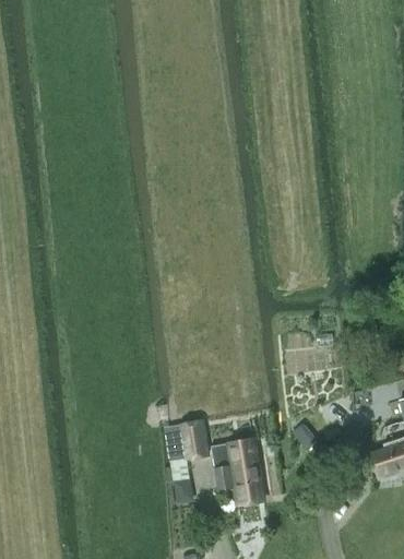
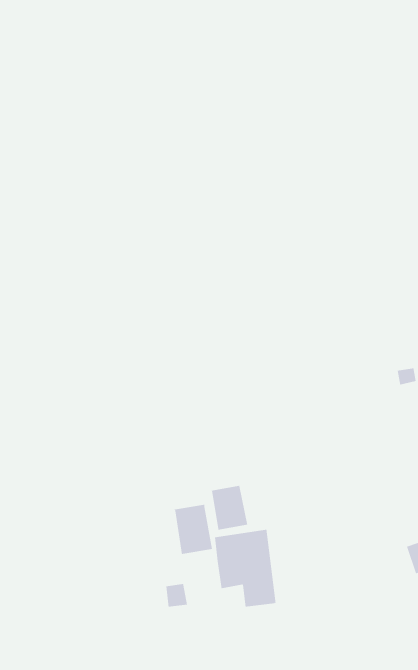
building: none -> [211,485,248,531]

